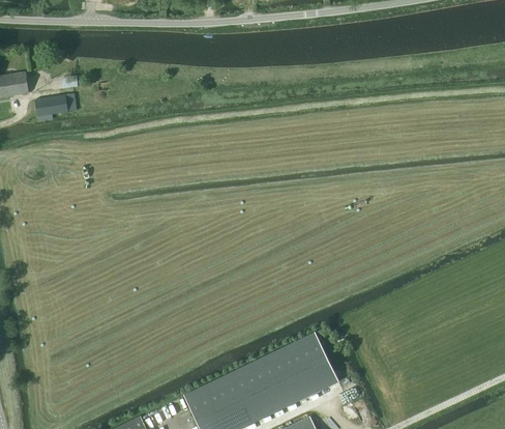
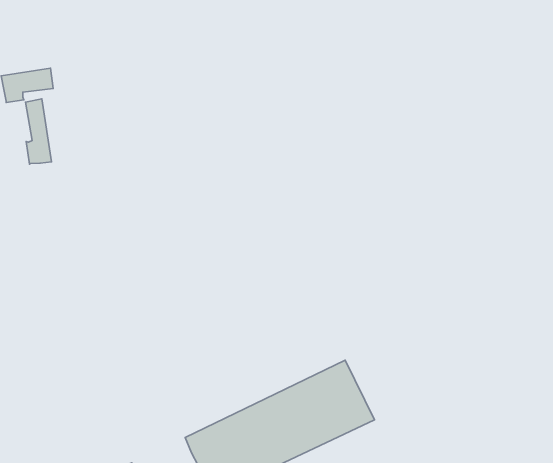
building: none -> [26,99,52,164]

